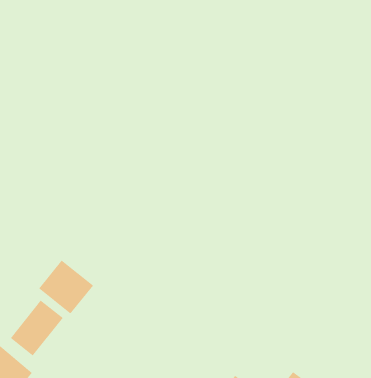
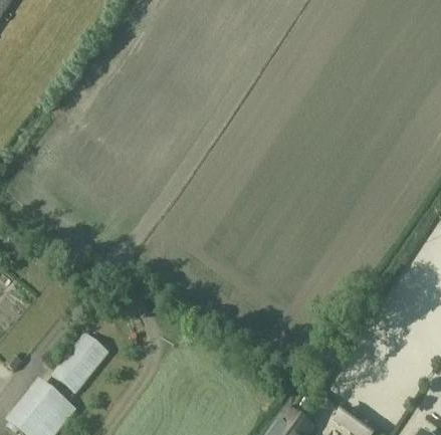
building: [38,259,94,315] -> none

